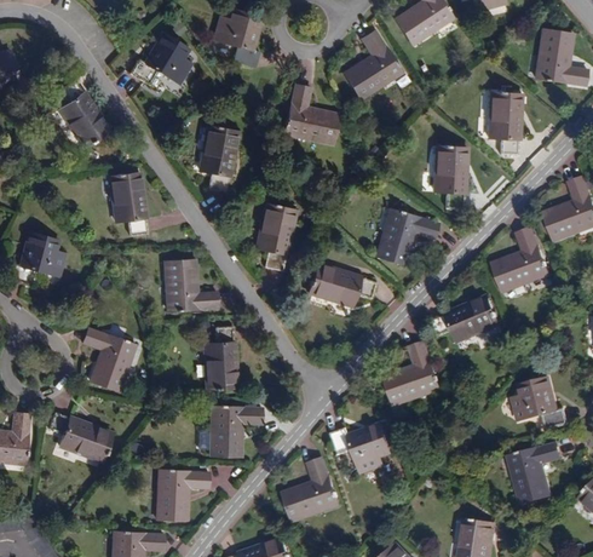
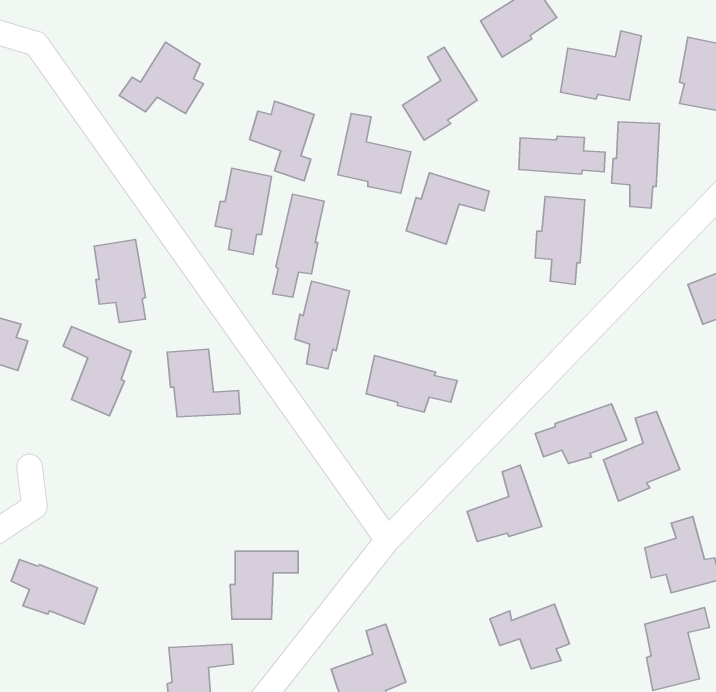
building: [212,7,259,65] -> [249,101,314,181]
building: none -> [561,31,641,100]
building: [56,80,109,145] -> none
building: none -> [519,136,605,174]
building: none -> [273,194,324,297]
building: [378,209,438,262] -> [406,173,489,244]
building: [491,228,547,293] -> [604,412,680,501]
building: [85,321,134,386] -> [63,326,131,416]
building: [198,323,236,384] -> none
building: [330,423,388,470] -> [490,604,569,669]

